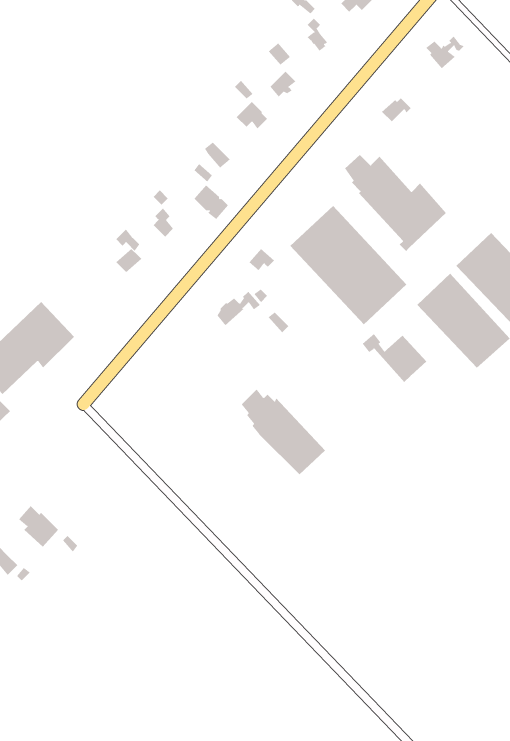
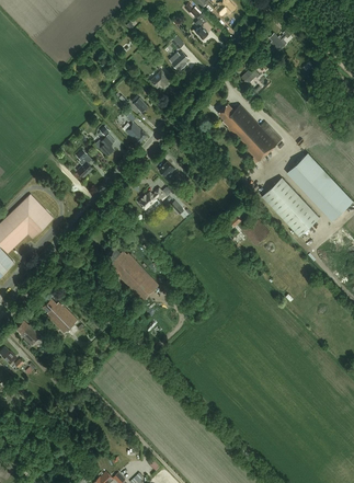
building: [290,205,407,325] -> none
building: [241,388,326,475] -> [106,248,159,301]
building: none -> [43,299,77,334]

